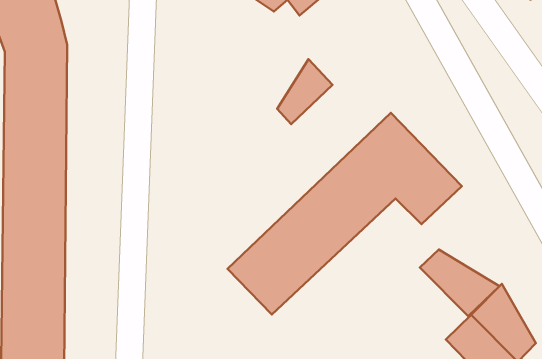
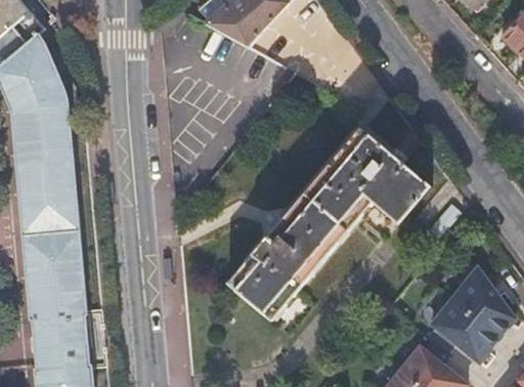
building: [277,59,332,124] -> none
building: [420,250,500,316] -> none

